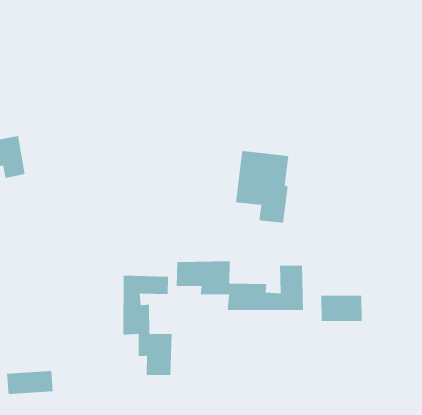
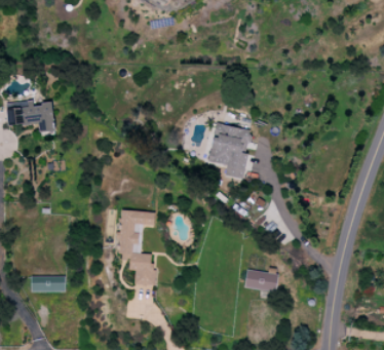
building: [176,260,303,311] -> none
building: [320,295,363,322] -> [244,269,276,290]

